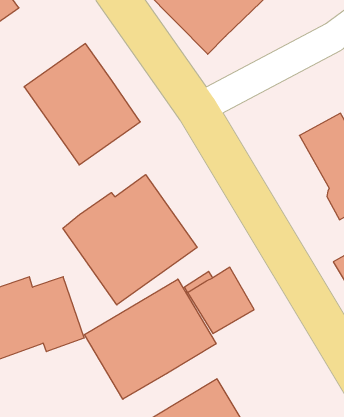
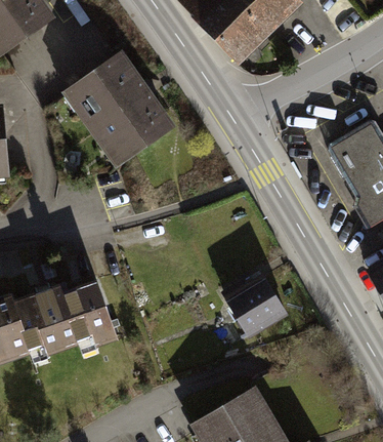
building: [63,175,197,305] -> none
building: [85,279,216,399] -> none

